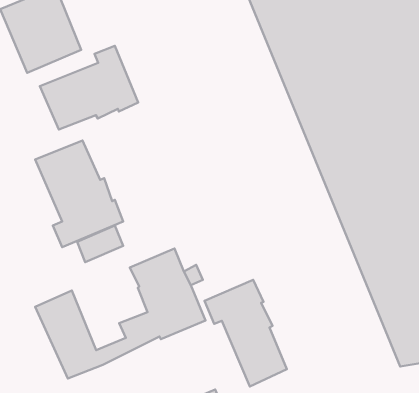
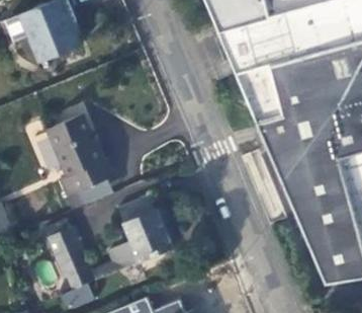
building: [40,46,138,130] -> none
building: [205,280,287,386] -> none

